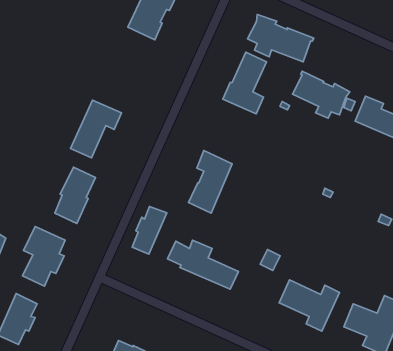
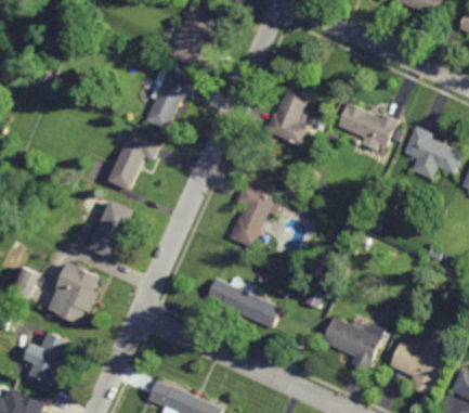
building: [248,14,314,62] -> none
building: none -> [143,70,187,130]
building: [132,206,167,254] -> none

